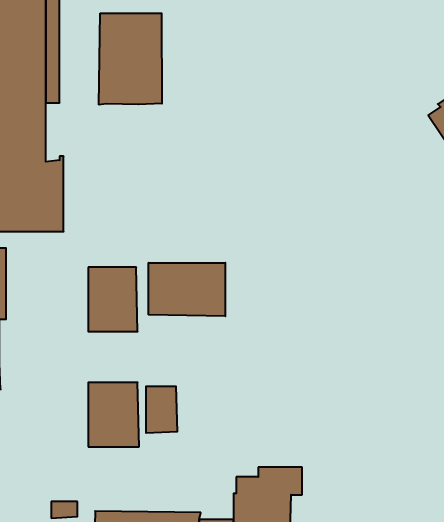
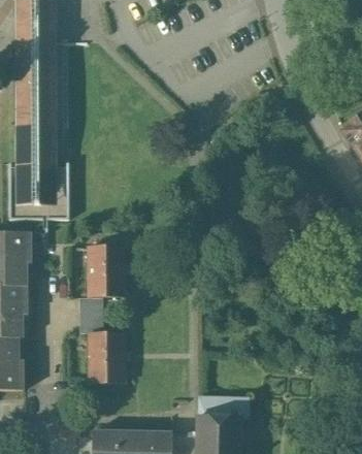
building: [99,13,162,105] -> none
building: [149,263,225,316] -> none
building: [146,386,177,433] -> [78,297,102,332]

